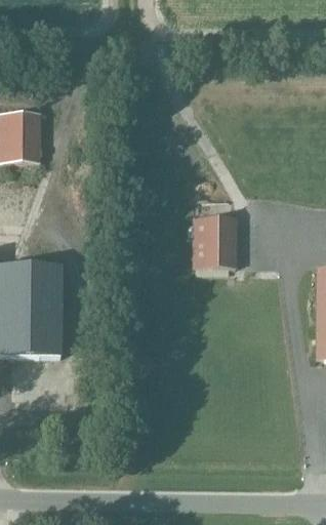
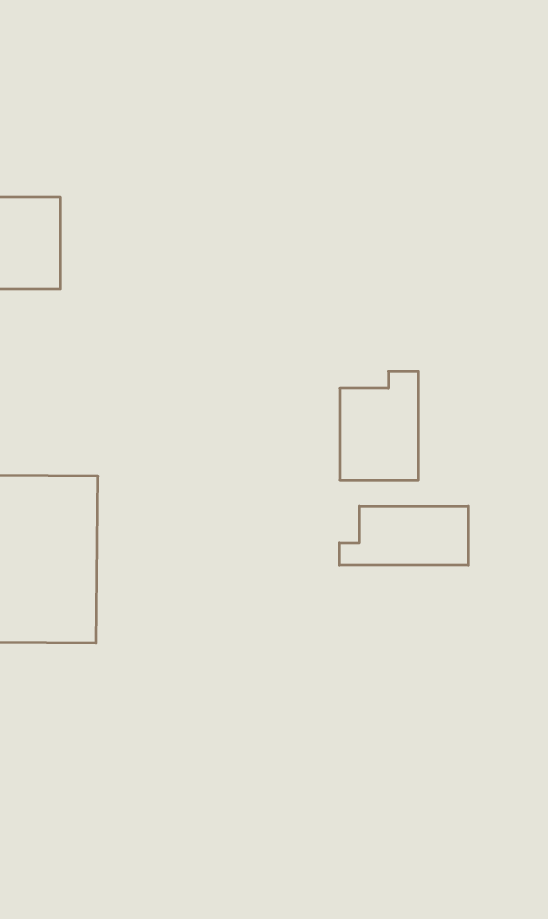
building: none -> [339,506,468,565]

